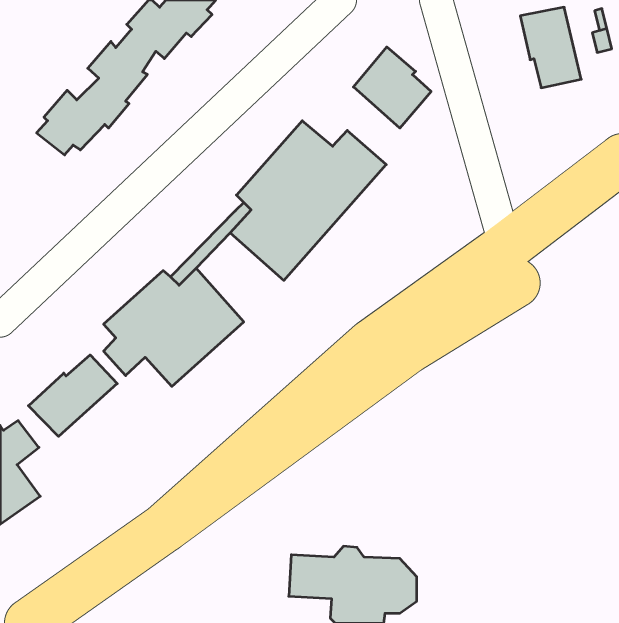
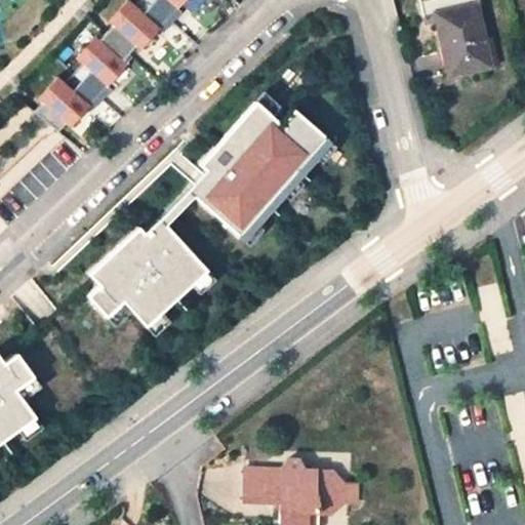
building: [353,47,431,128] -> none
building: [28,355,117,436] -> none

